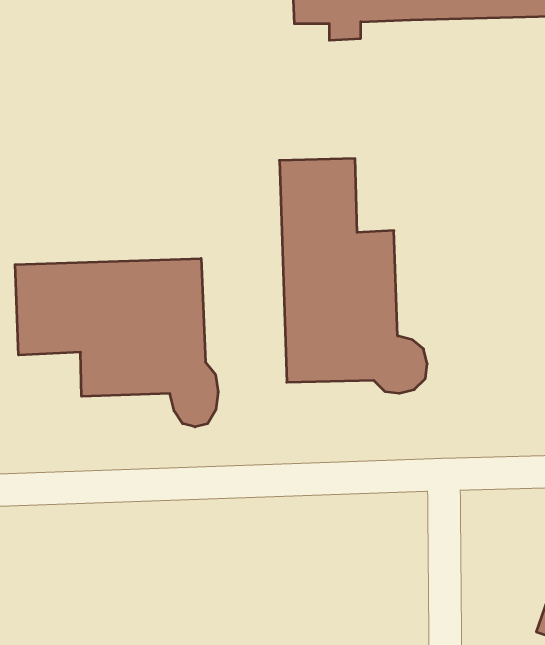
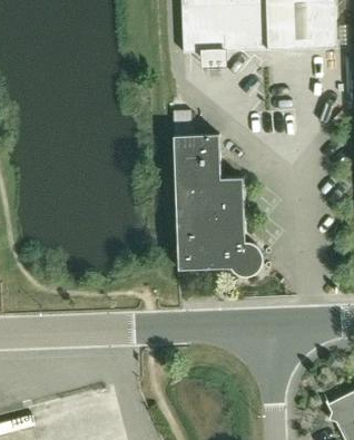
building: [15,258,218,427] -> none

